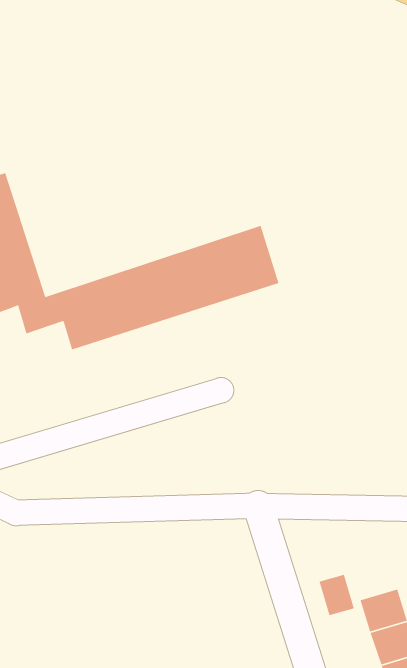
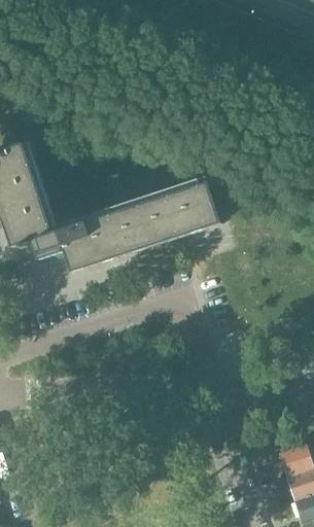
building: [318,574,355,616] -> none

